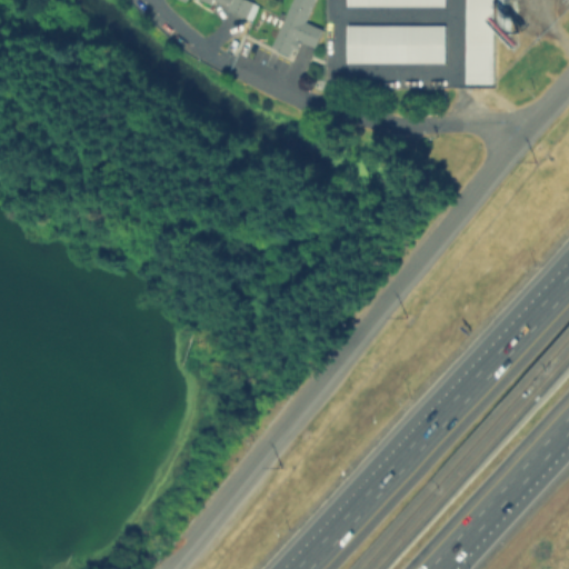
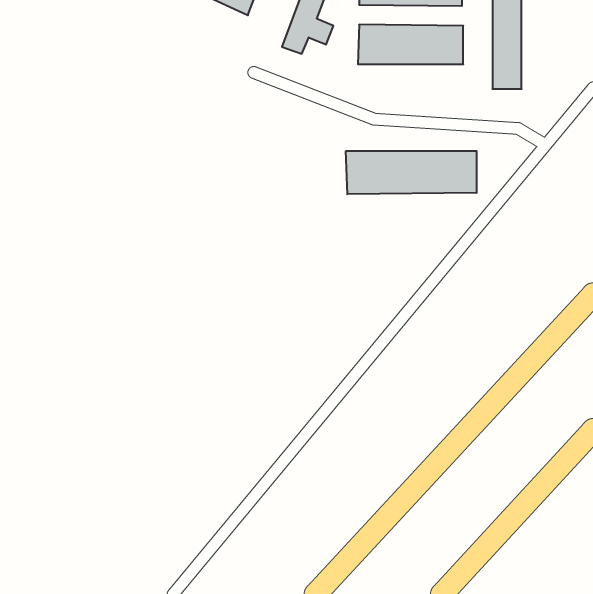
building: none -> [346,151,477,194]

